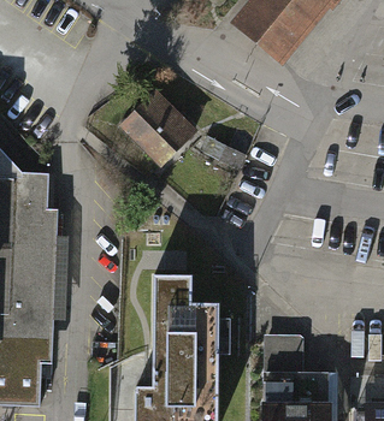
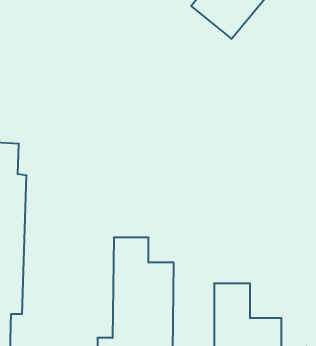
building: [119,90,197,168] -> none

